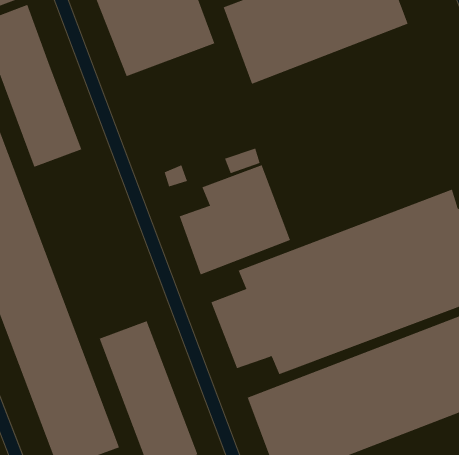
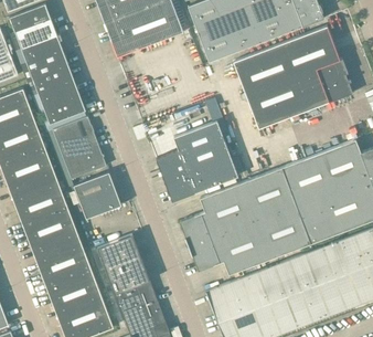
building: none -> [233,25,352,127]
building: none -> [52,116,106,179]
building: none -> [74,172,121,219]

